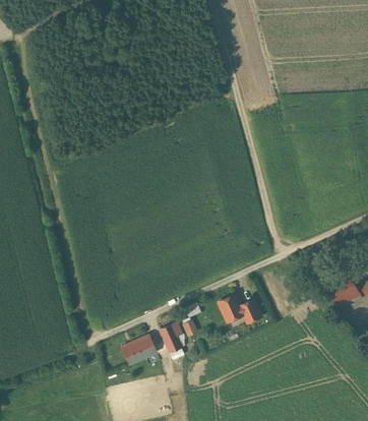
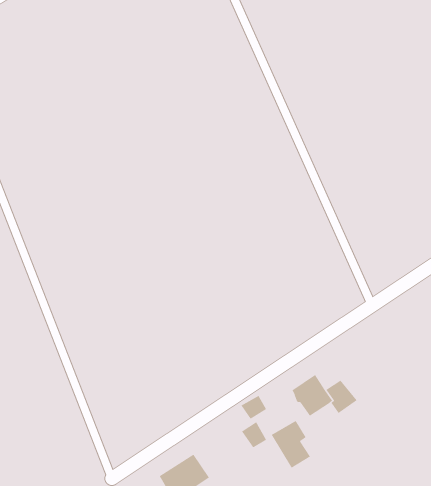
building: [158,322,182,354] -> [271,420,311,469]

